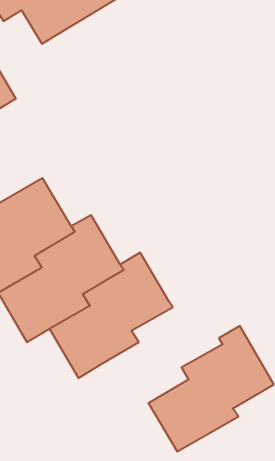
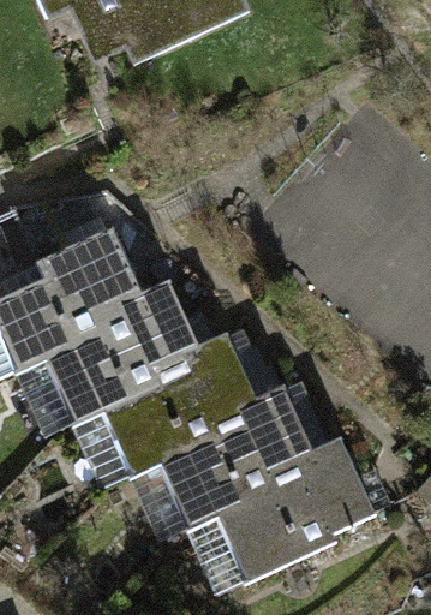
building: none -> [155,384,310,530]

